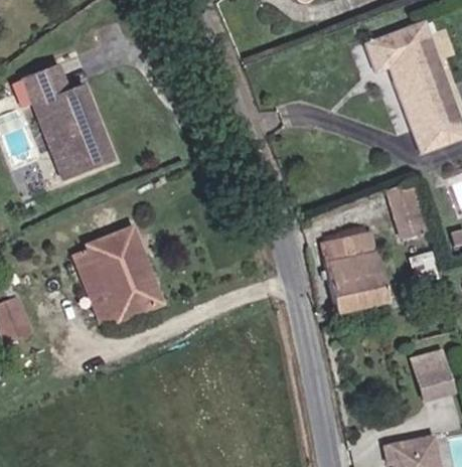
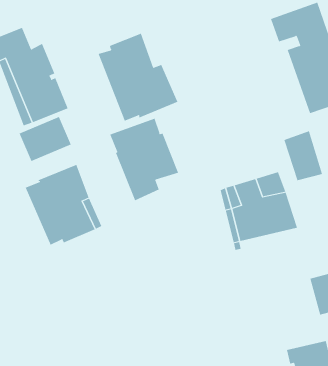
building: none -> [98,33,178,122]
building: none -> [19,116,71,162]
building: none -> [110,118,179,201]

